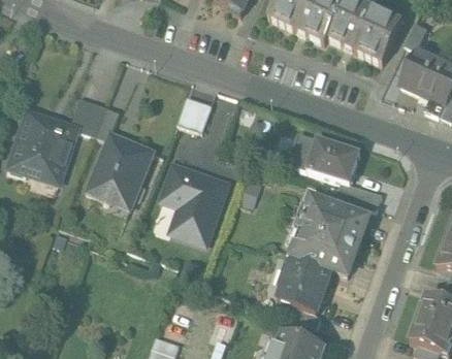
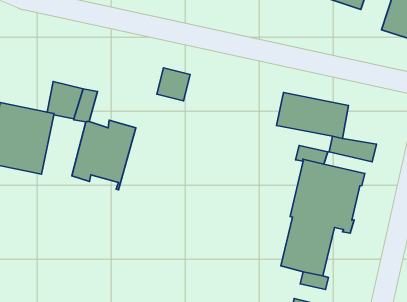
building: [164,164,226,243] -> none

